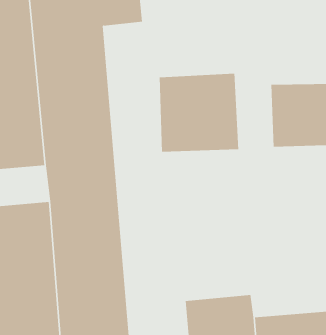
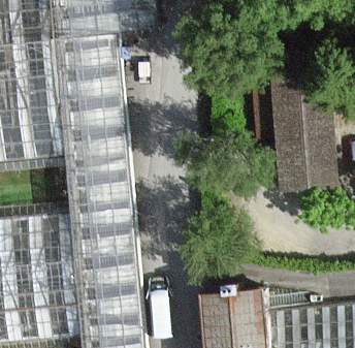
building: [159,73,239,152] -> none

